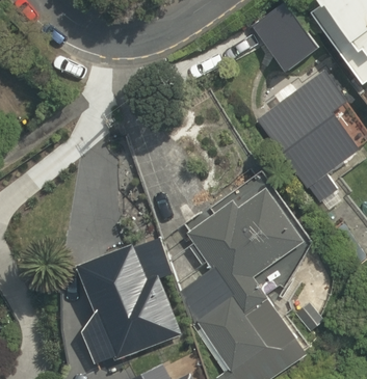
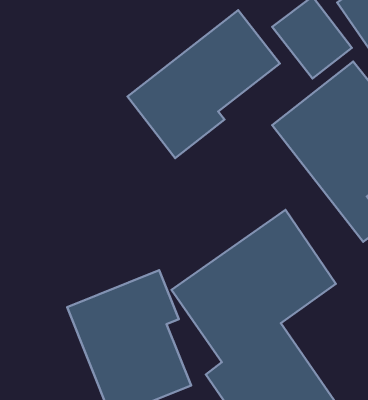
building: none -> [127,10,280,158]

